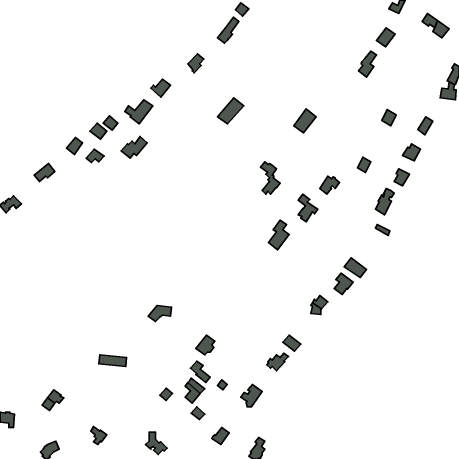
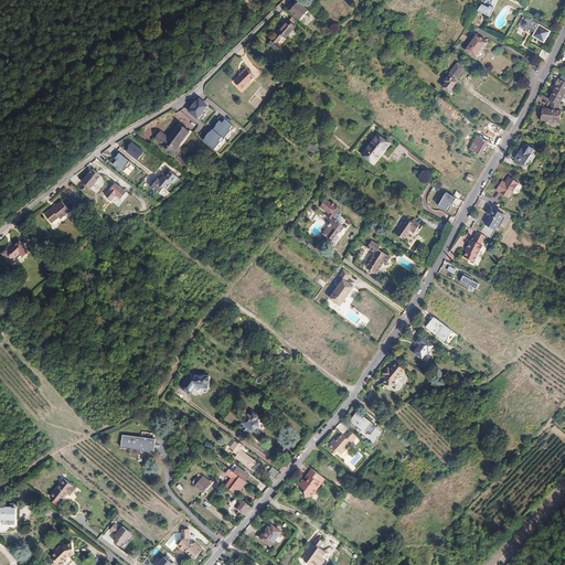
building: [218,98,244,124] -> [203,117,235,149]

